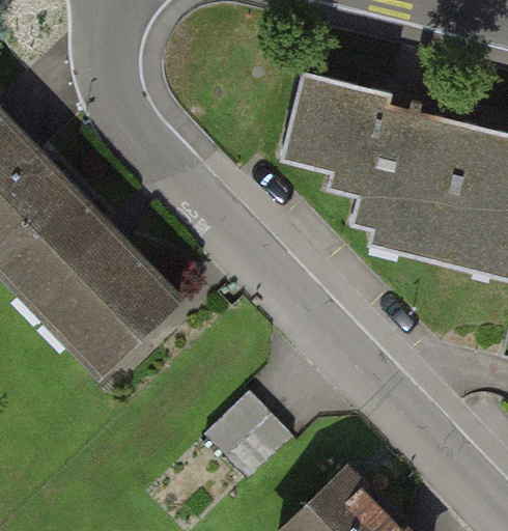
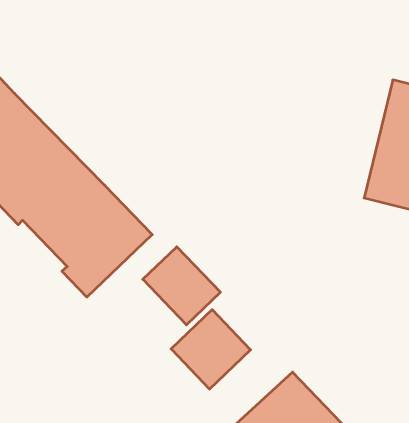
building: [288,75,459,260] -> none
building: none -> [143,247,220,325]

